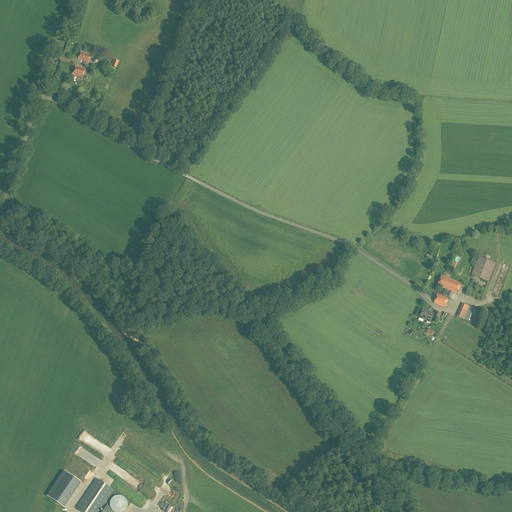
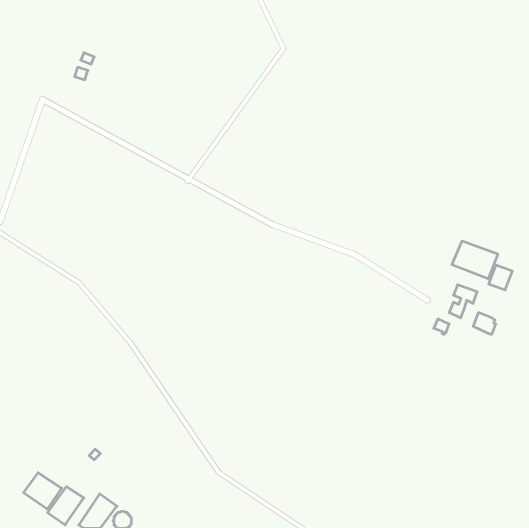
building: none -> [452,241,498,279]
building: none -> [24,473,62,509]

